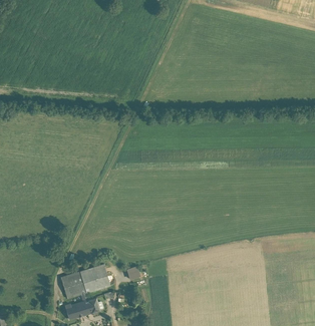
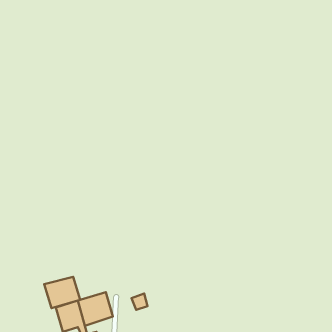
building: none -> [44,277,80,308]

